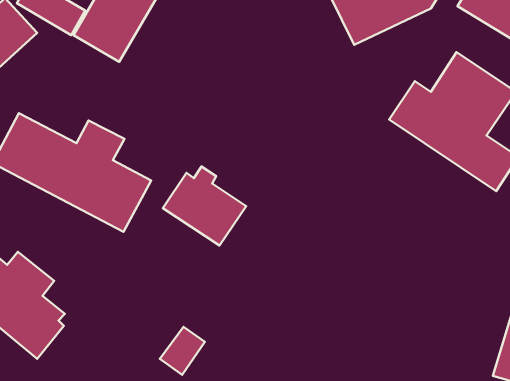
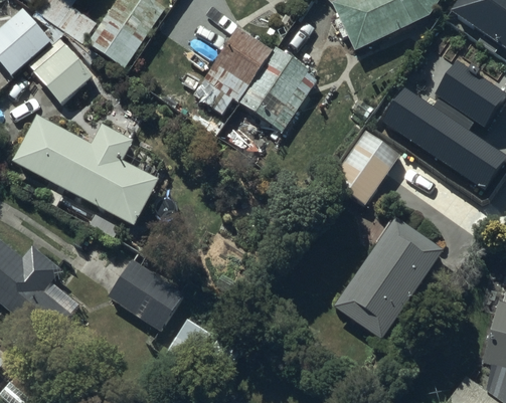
building: none -> [196,28,316,129]
building: none -> [36,46,95,103]
building: none -> [330,139,394,206]
building: [163,166,246,246] -> [107,255,185,330]
building: none -> [334,215,441,339]

